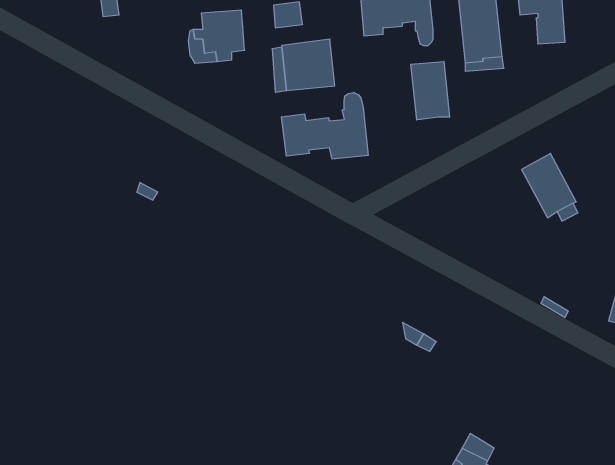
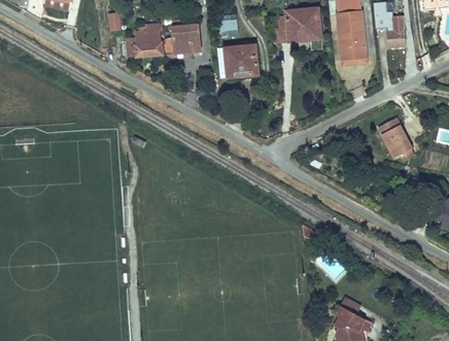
building: none -> [126,23,163,56]
building: [411,61,450,120] -> none
building: [282,92,368,159] -> none

